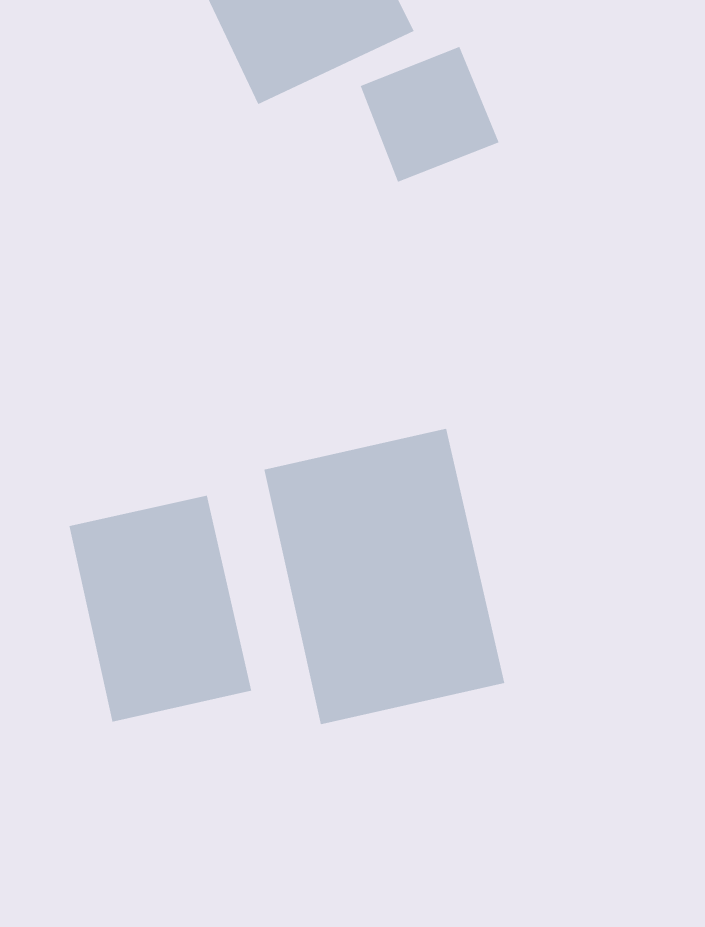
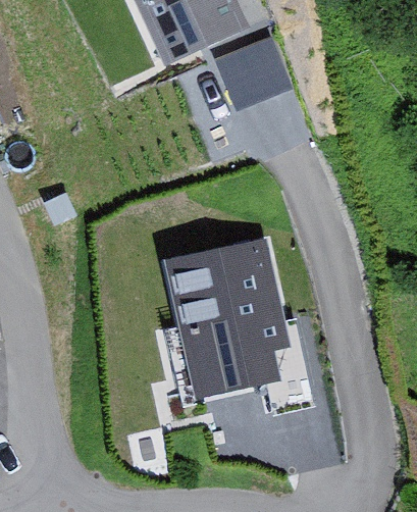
building: [69,495,252,723] -> none

